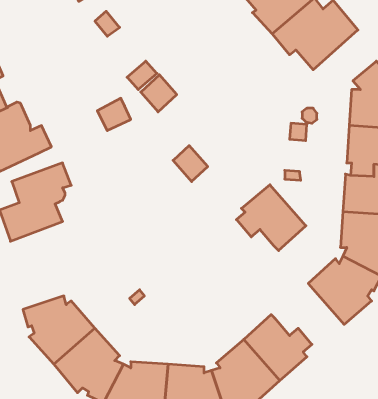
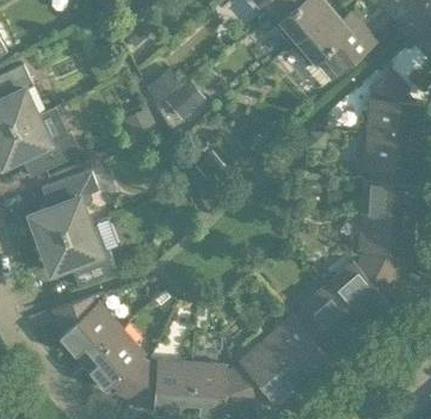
building: [236,185,306,251] -> [294,284,361,347]
building: none -> [39,224,116,285]

